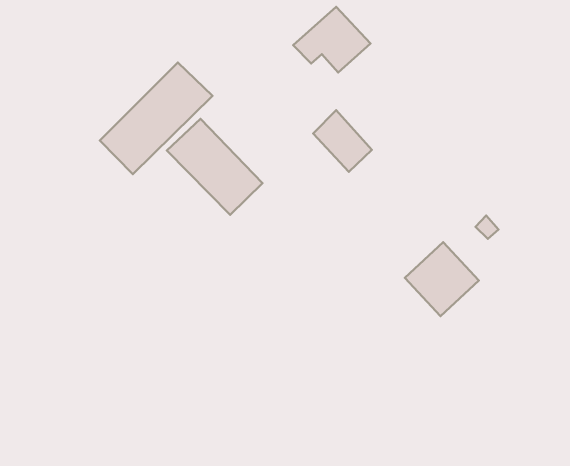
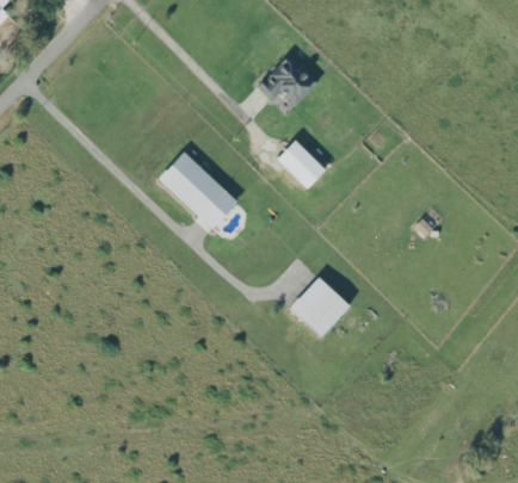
building: [100,62,213,174] -> none
building: [405,242,479,316] -> [290,277,351,338]

